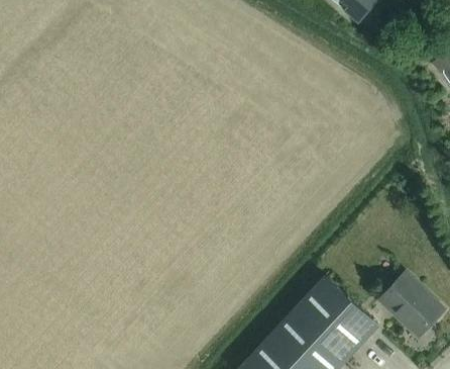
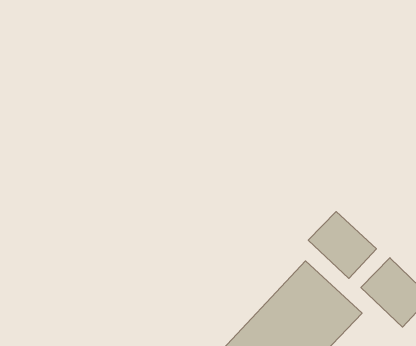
building: none -> [308,212,376,278]

